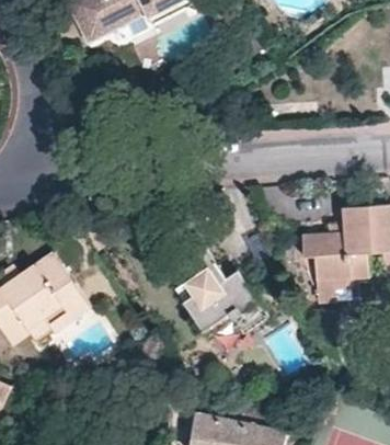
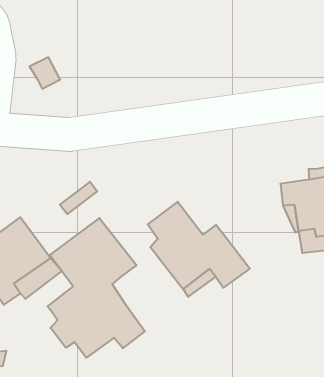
building: none -> [48,218,145,358]

